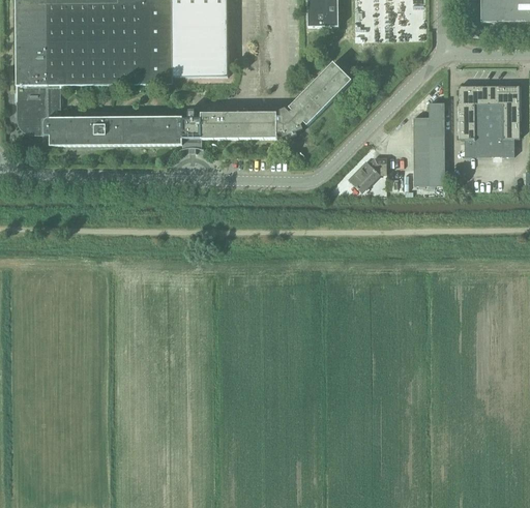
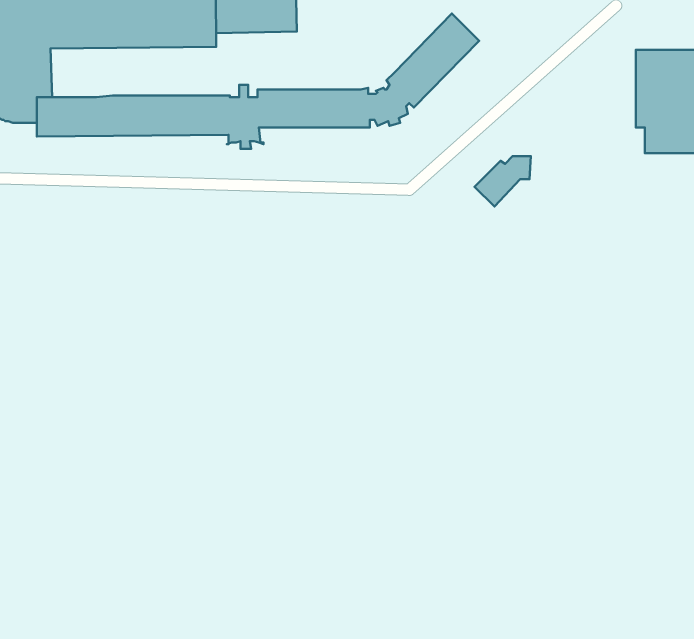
building: [414,101,445,184] -> none

